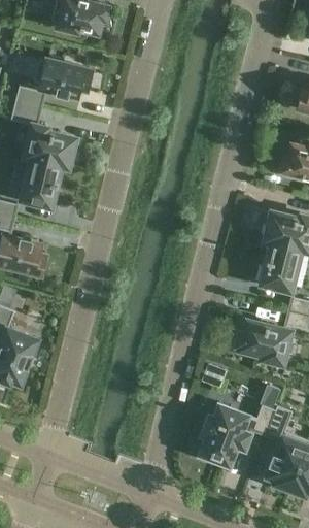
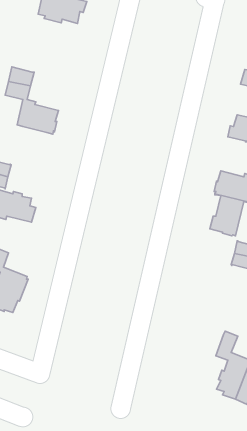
building: [33,56,93,96] -> none
building: [22,158,61,206] -> none
building: [237,320,289,363] -> none
building: [200,403,275,463] -> none

